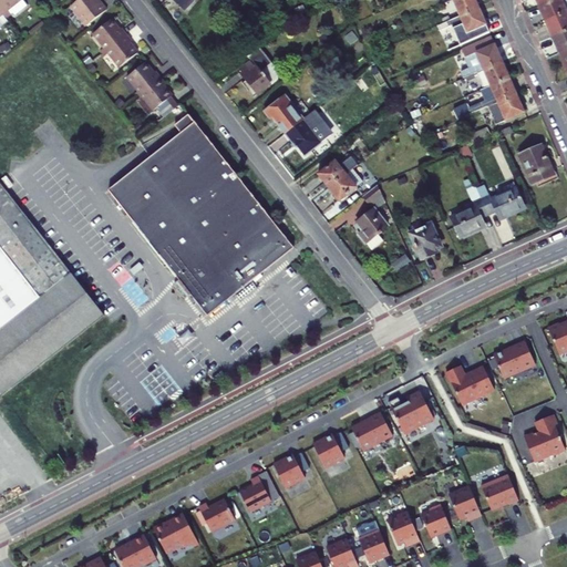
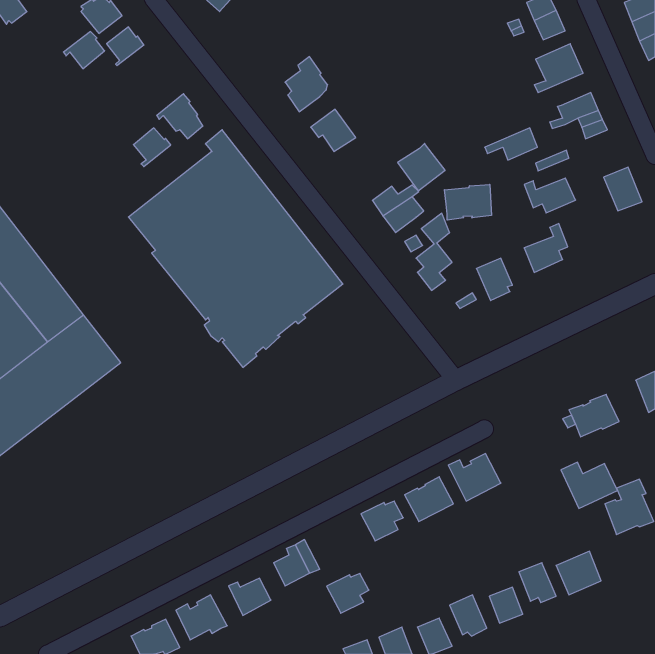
building: [101,39,136,71] -> [63,32,105,69]
building: [464,63,509,91] -> [485,128,537,160]
building: [126,66,158,100] -> [133,128,171,167]
building: [288,114,329,155] -> [398,143,445,191]
building: none -> [444,184,491,220]
building: [482,187,526,217] -> [524,178,576,213]
building: [444,364,493,404] -> [561,462,617,508]
building: [271,452,308,486] -> [327,573,369,613]

